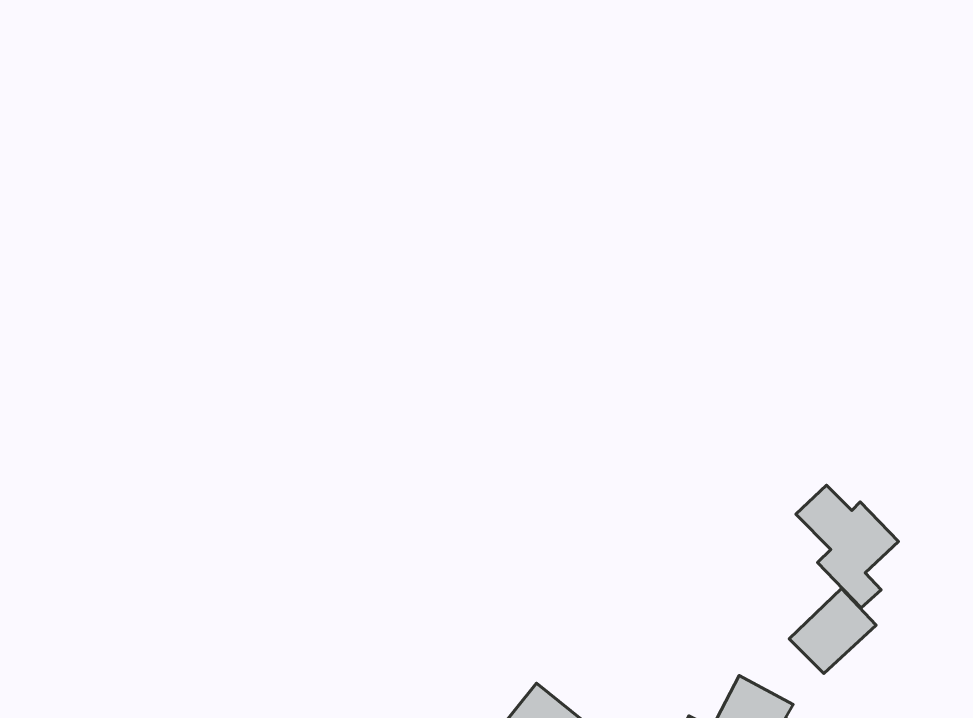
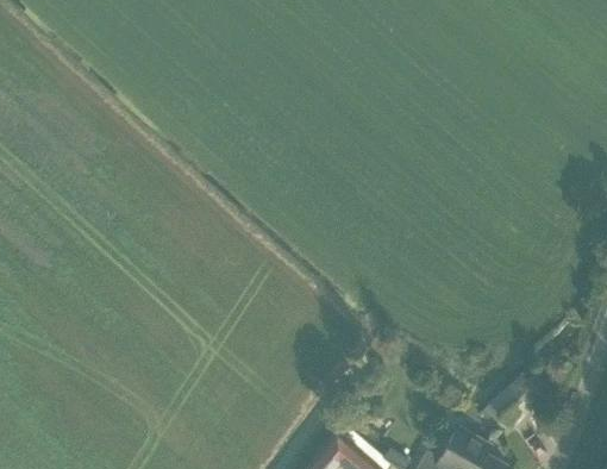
building: [796,485,899,608] -> none

